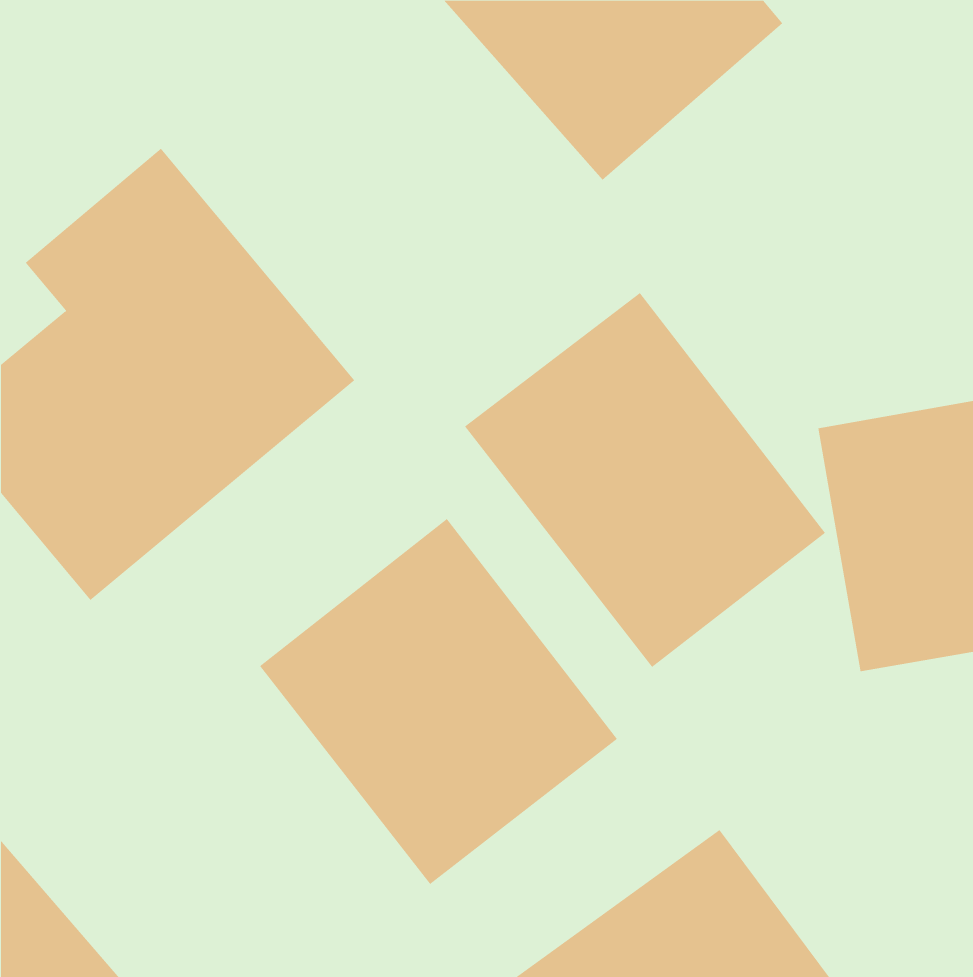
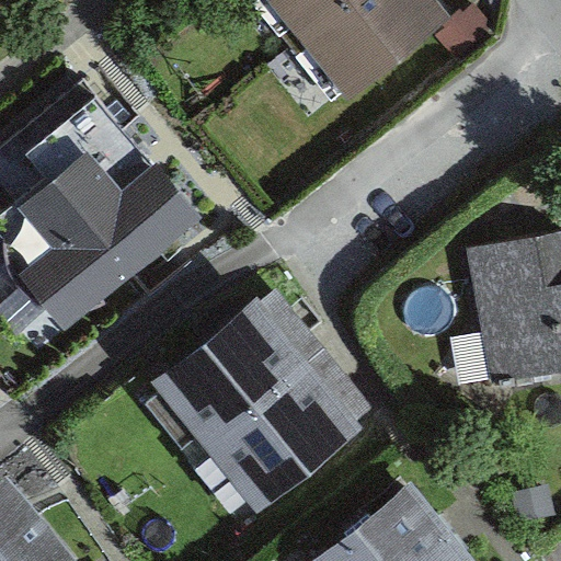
building: [464,292,826,668] -> none

